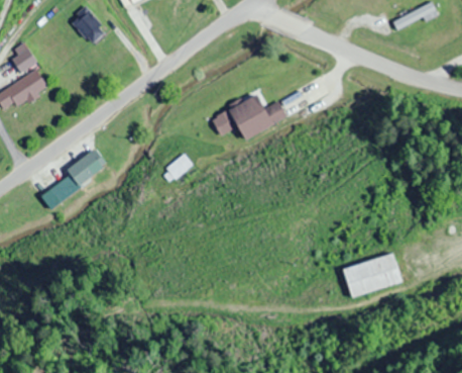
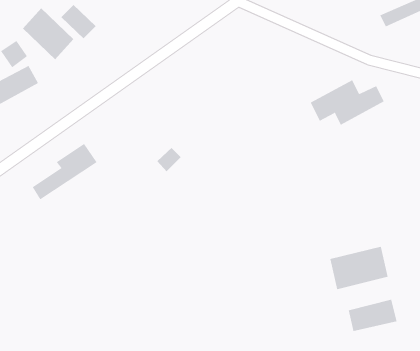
building: none -> [22,8,74,60]
building: [212,95,287,142] -> [310,79,385,125]
building: none -> [348,299,397,332]

